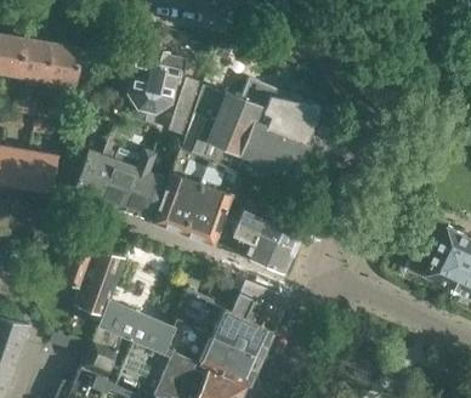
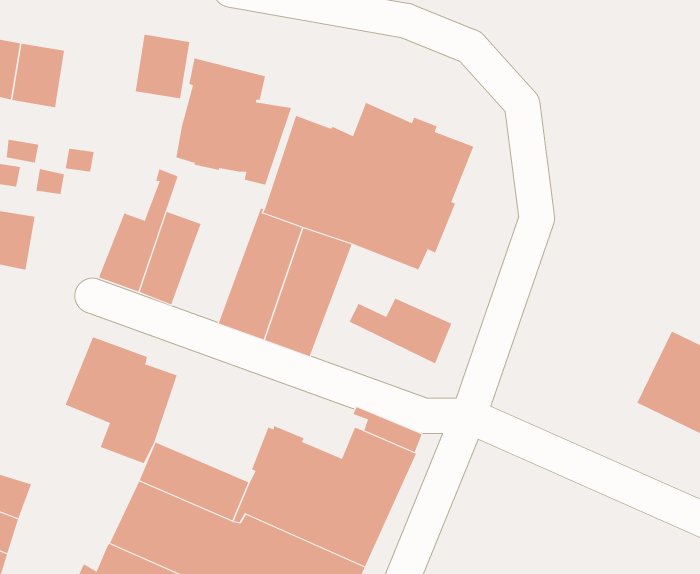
building: [45,42,81,85] -> [135,34,190,99]
building: [121,147,163,220] -> none
building: [25,152,58,192] -> none
building: [232,221,295,273] -> none

